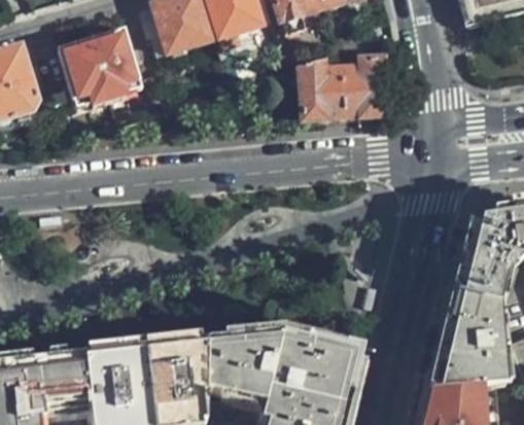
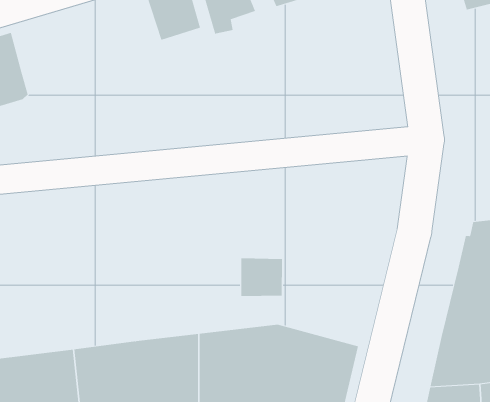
building: [60,36,142,113] -> none
building: [296,52,388,116] -> none
building: none -> [241,257,283,297]

